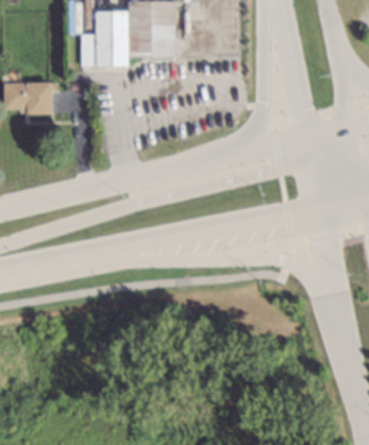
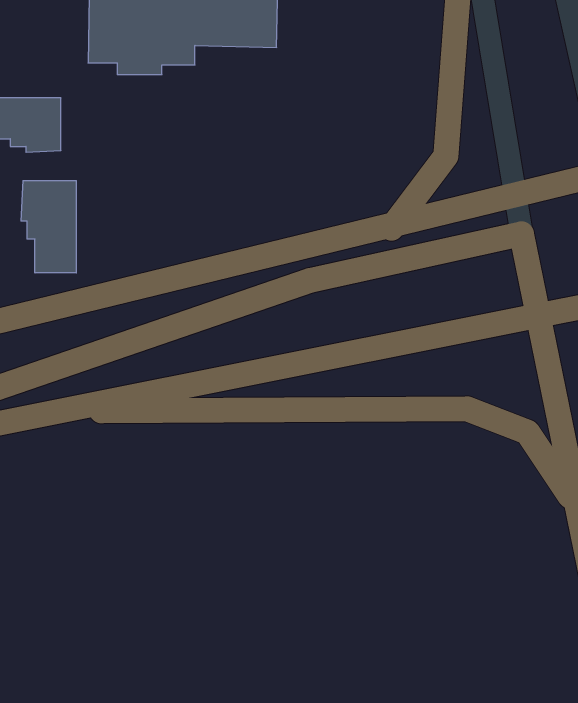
building: none -> [21,181,76,273]

